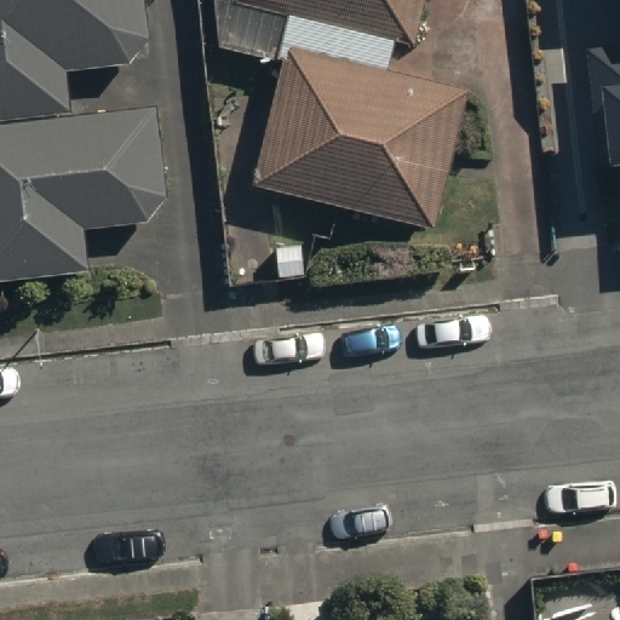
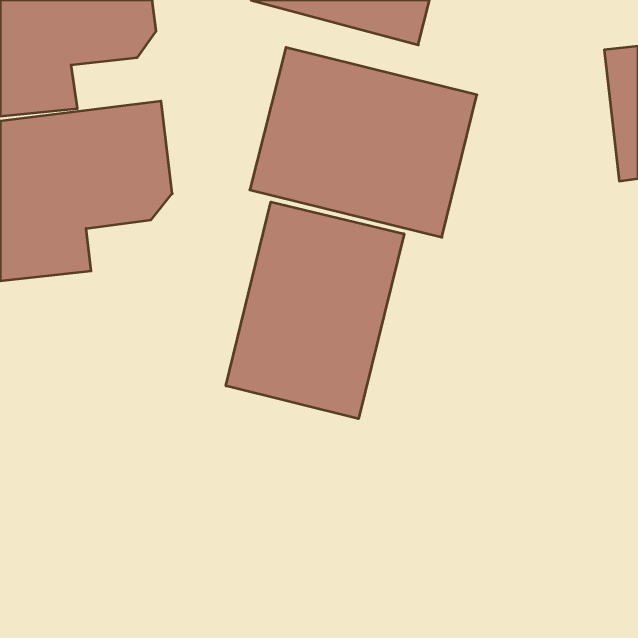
building: none -> [226,202,404,419]

